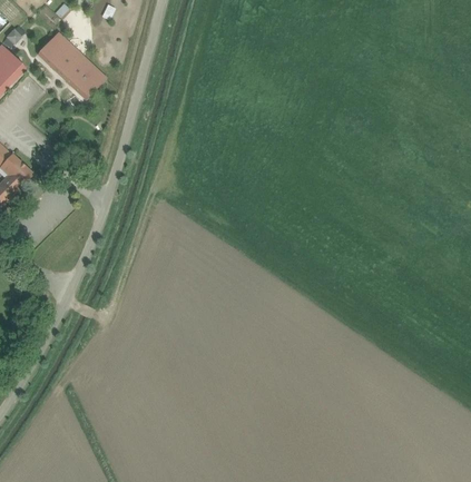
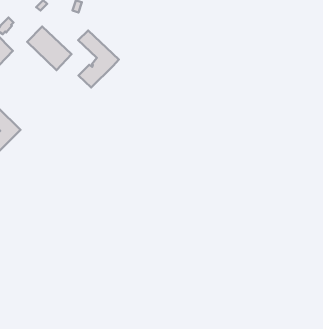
building: none -> [78,30,119,88]

